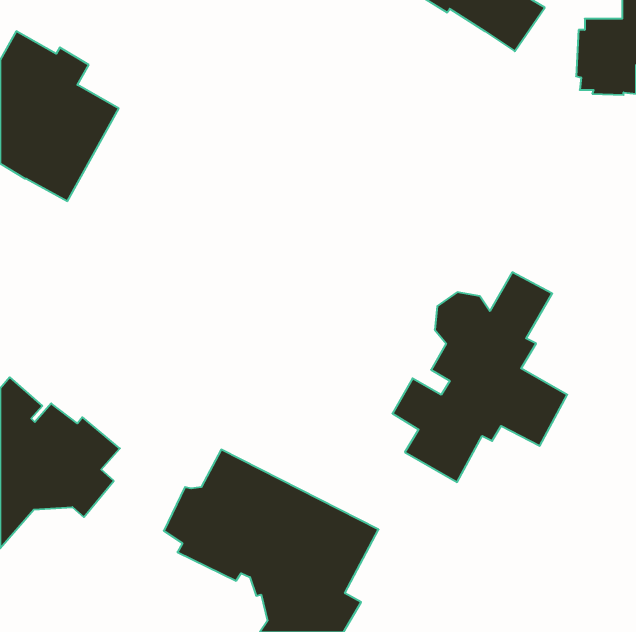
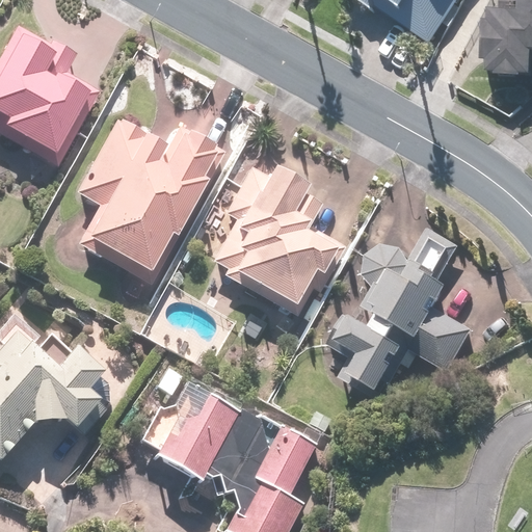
building: none -> [75,118,225,285]
building: none -> [211,166,345,315]

